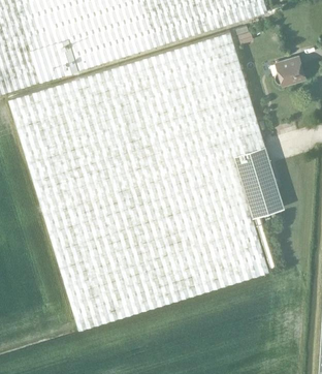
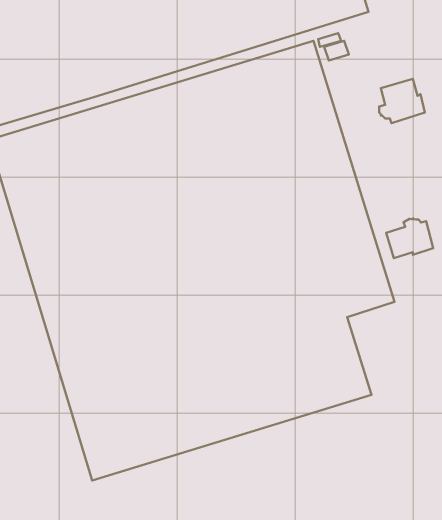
building: none -> [386,218,433,258]

